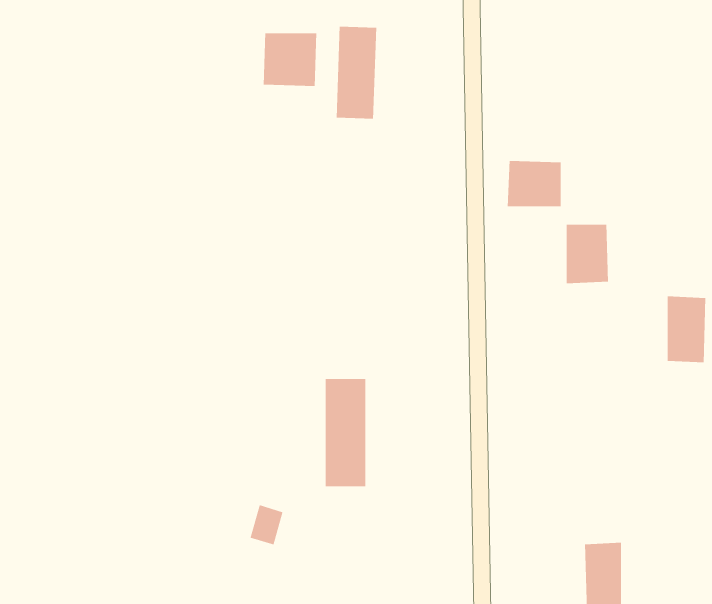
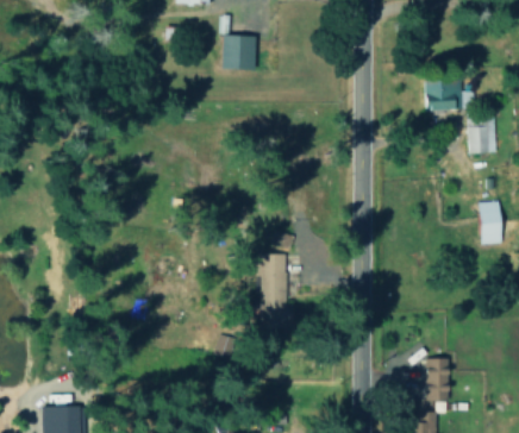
building: [336,26,377,120] -> none
building: [507,160,561,207] -> [425,80,459,109]
building: [566,224,609,284] -> [467,115,494,153]

